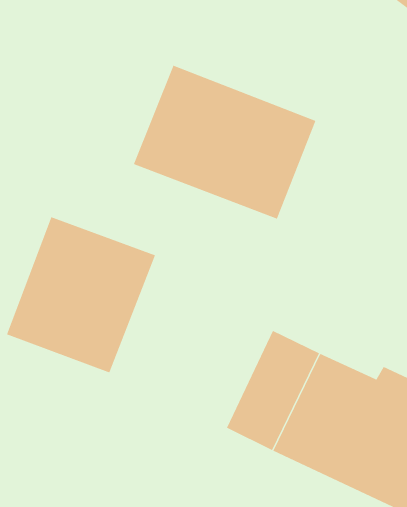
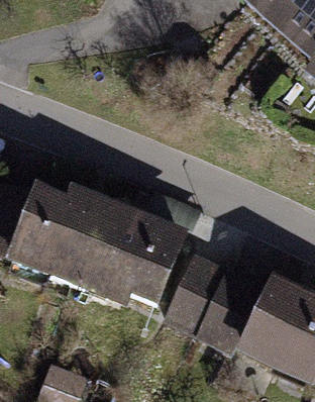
building: [133,65,316,219] -> none
building: none -> [80,202,185,313]

